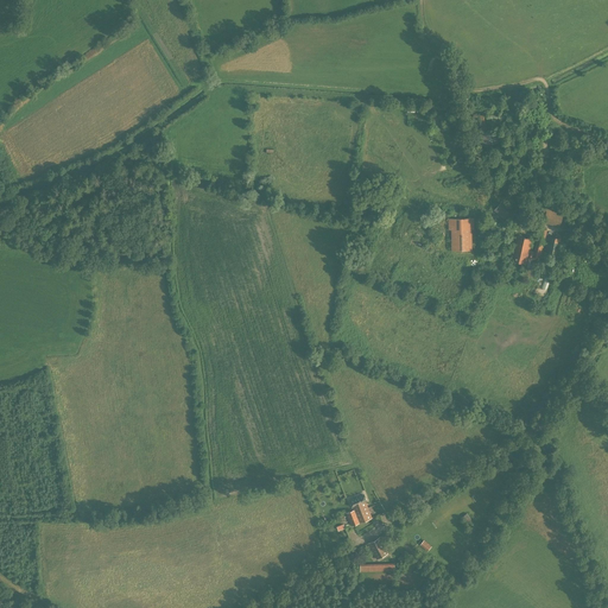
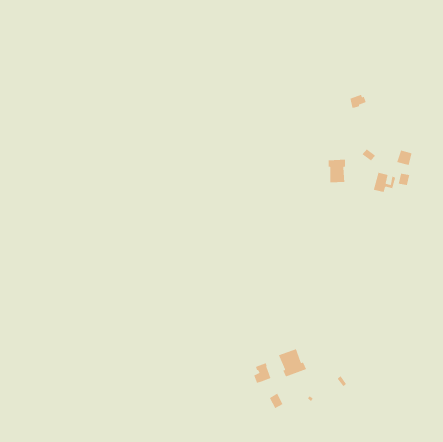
building: none -> [278,348,307,377]

